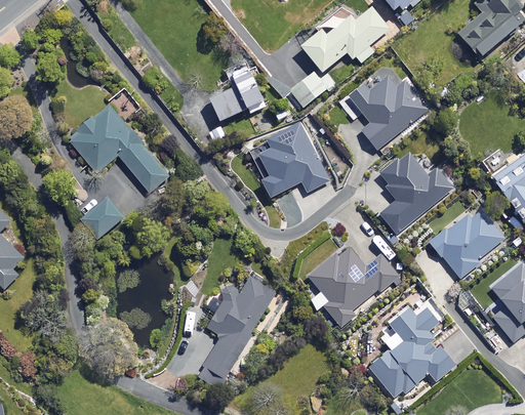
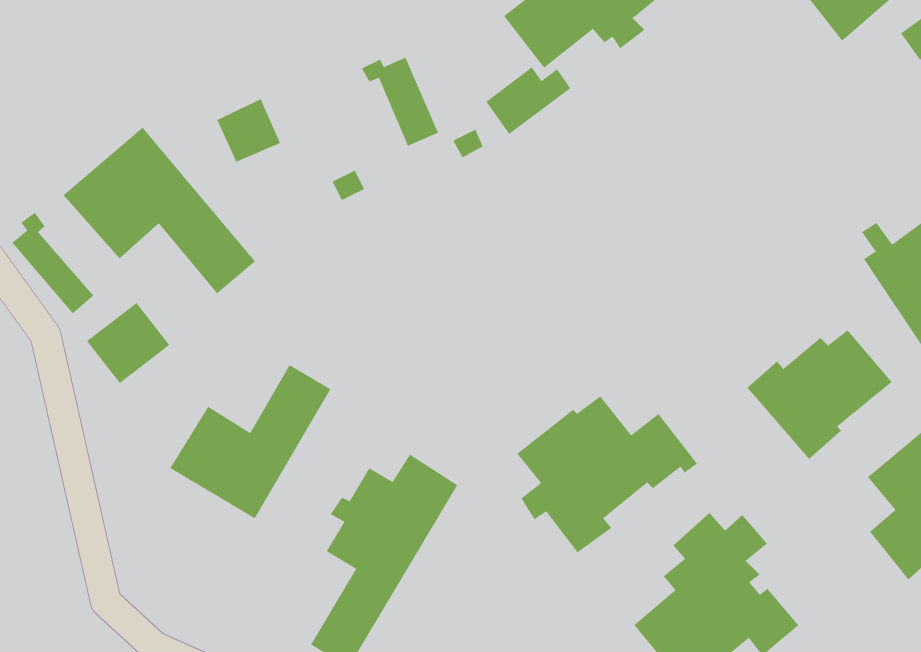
building: [349,76,429,149] -> none
building: [209,86,243,120] -> [217,98,281,163]
building: [258,122,330,197] -> none
building: none -> [11,212,94,314]
building: [379,152,453,233] -> none
building: none -> [169,364,331,519]

